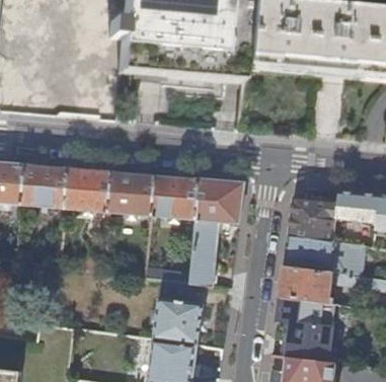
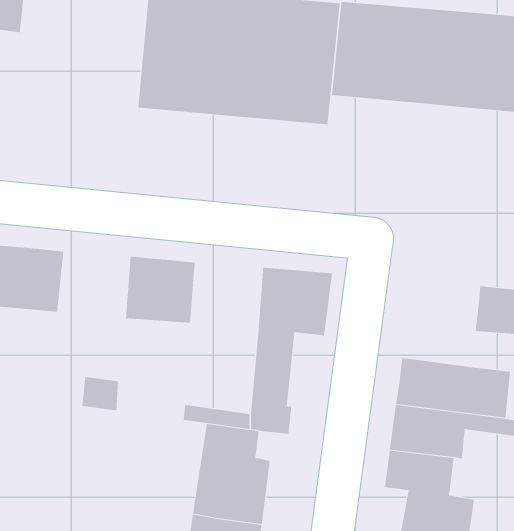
building: [67,167,113,211] -> none
building: [153,174,200,218] -> none
building: [290,197,339,242] -> none

